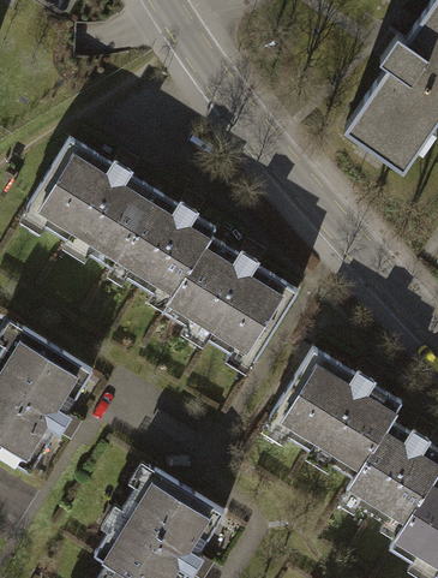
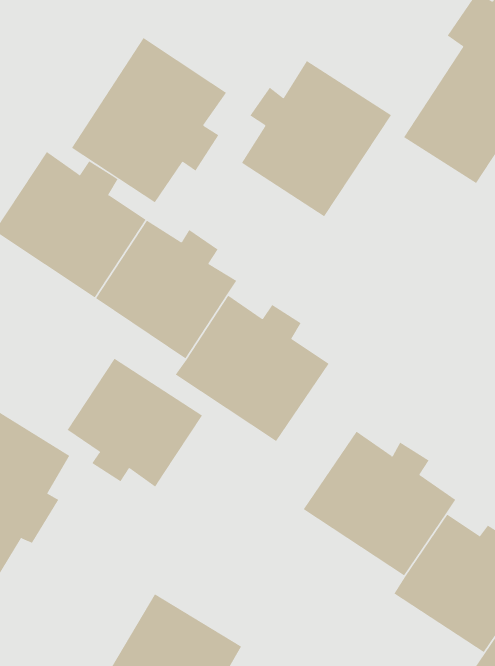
building: none -> [71,37,227,203]
building: none -> [241,60,392,217]
building: none -> [67,358,203,487]

